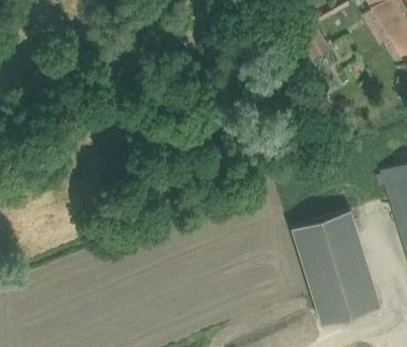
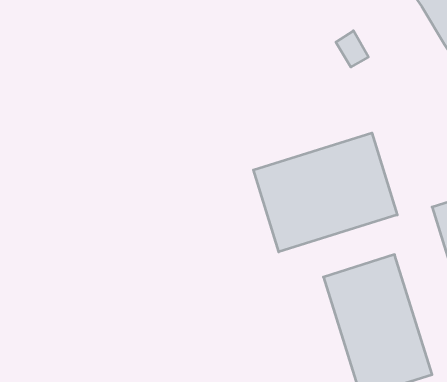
building: none -> [253,133,397,252]

